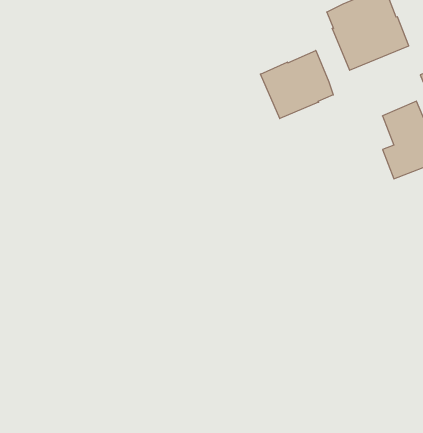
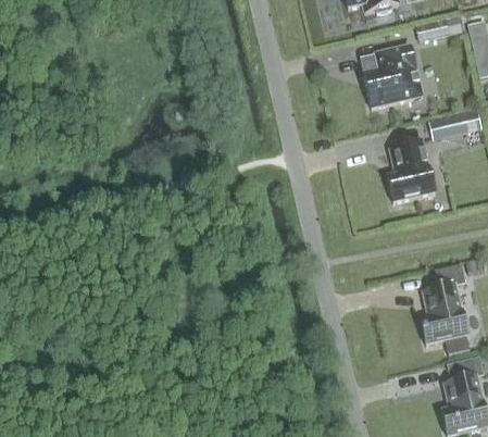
building: [260,50,333,119] -> none

